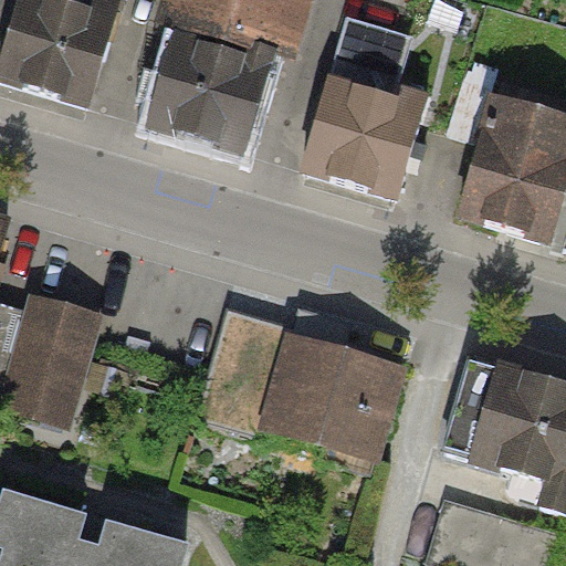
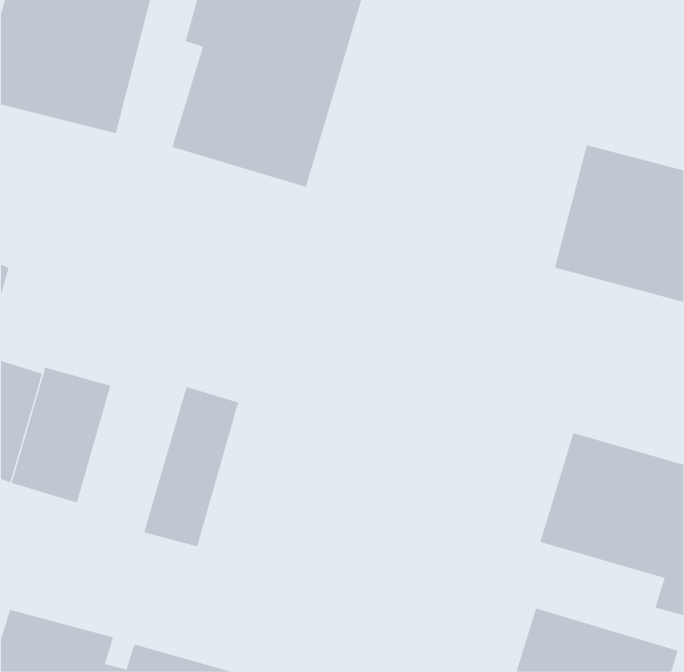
building: [300,28,427,199] -> none
building: [198,306,401,470] -> none
building: none -> [144,386,239,547]

